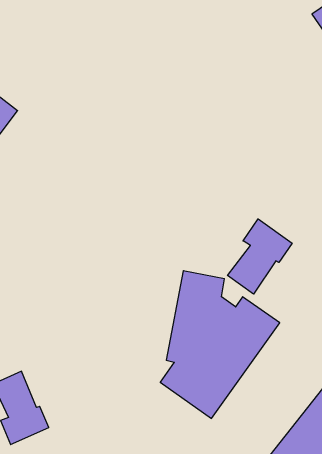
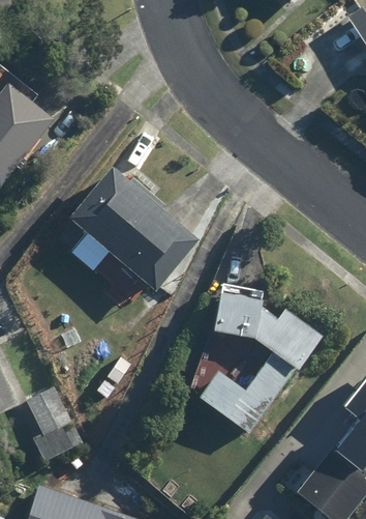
building: none -> [66,165,197,292]
building: [228,219,292,294] -> none

